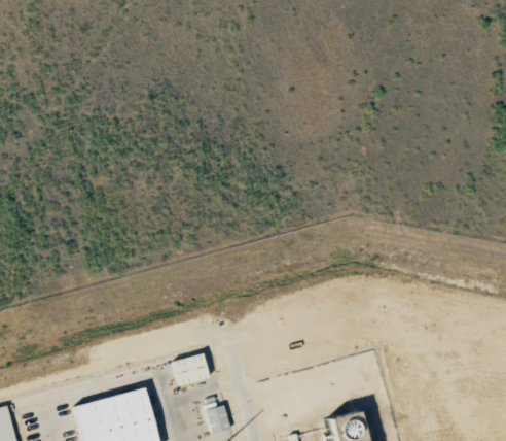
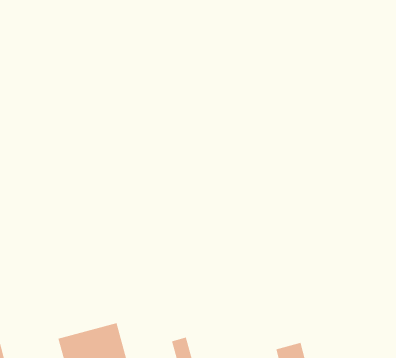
building: [173,353,208,385] -> none

